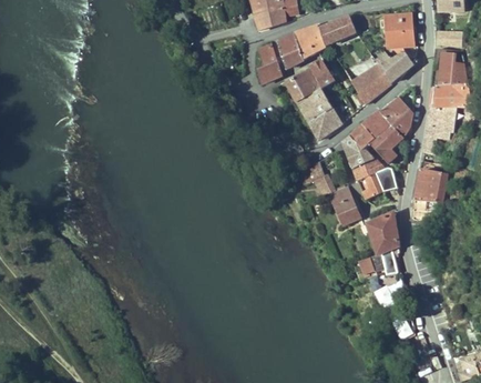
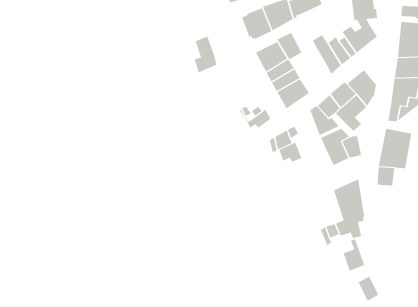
building: [257,44,282,83] -> [194,36,217,73]
building: [331,185,360,225] -> none

